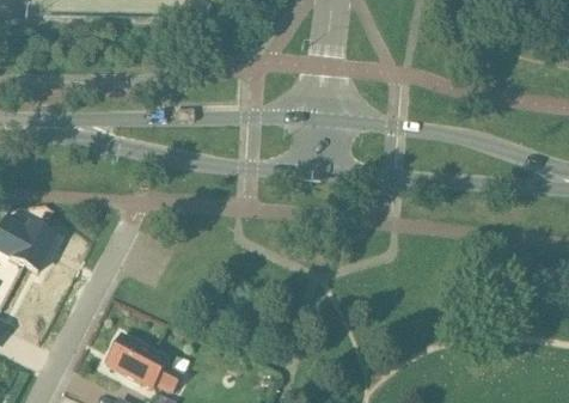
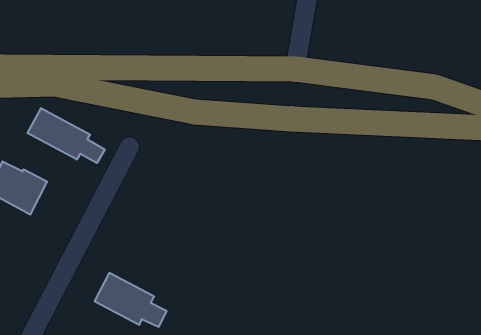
building: none -> [27,108,105,163]

